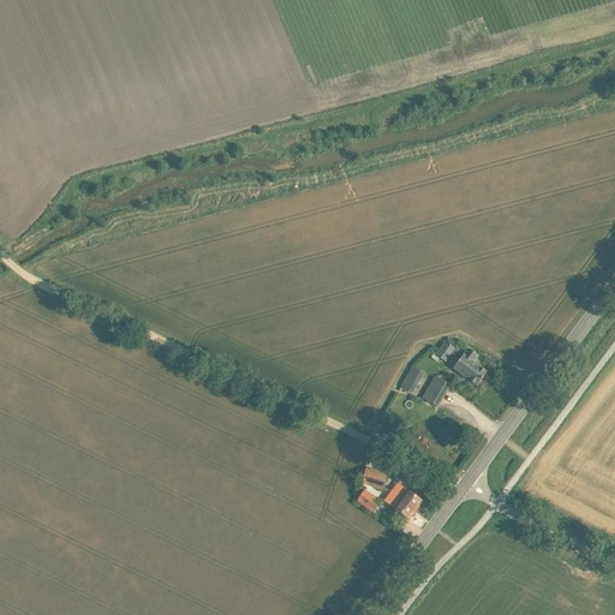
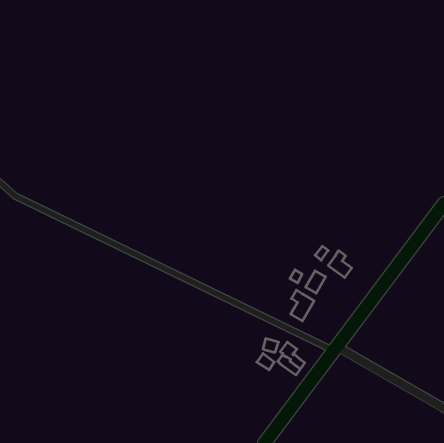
building: none -> [291,290,314,321]

